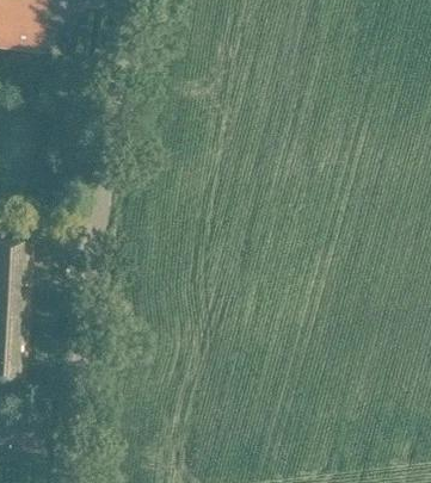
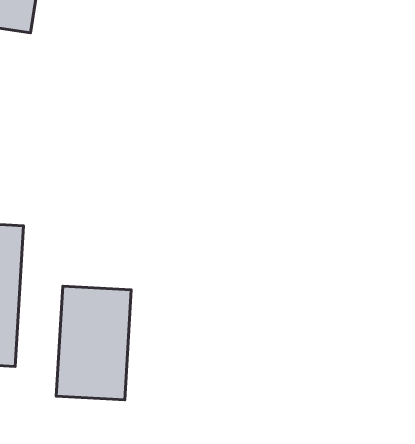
building: none -> [56,286,131,400]

